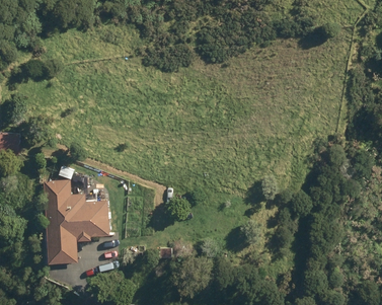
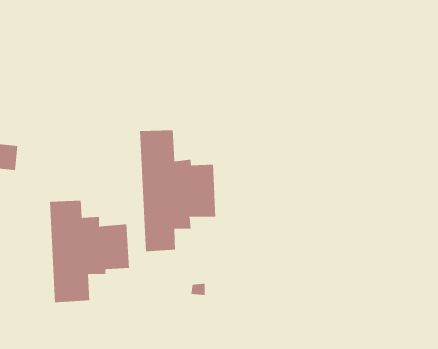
building: none -> [140,130,216,252]

